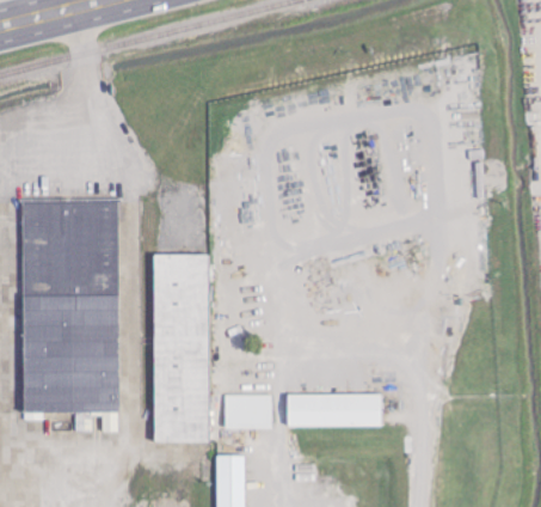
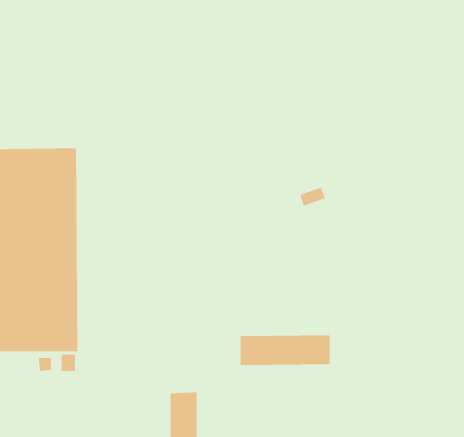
building: [153,253,210,440] -> none
building: [223,393,270,428] -> none

